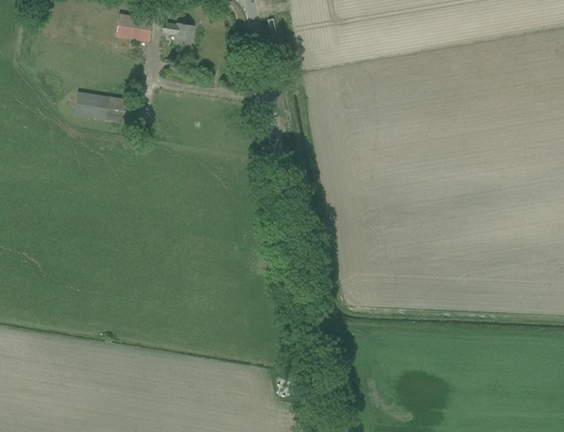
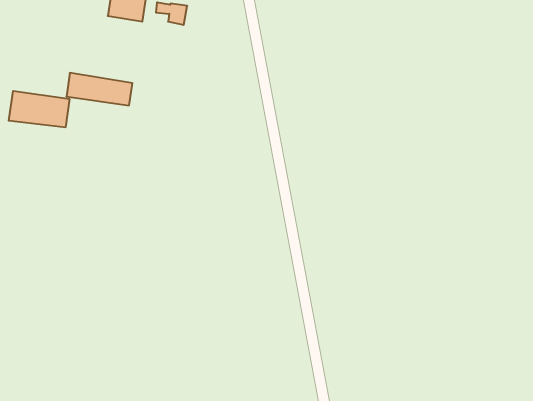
building: none -> [9,91,69,127]

